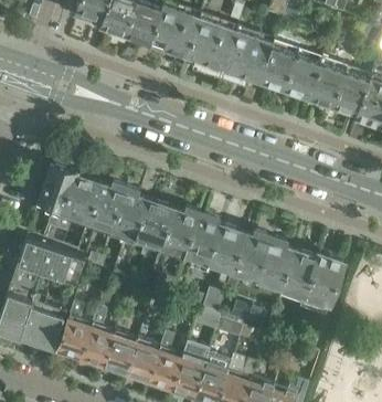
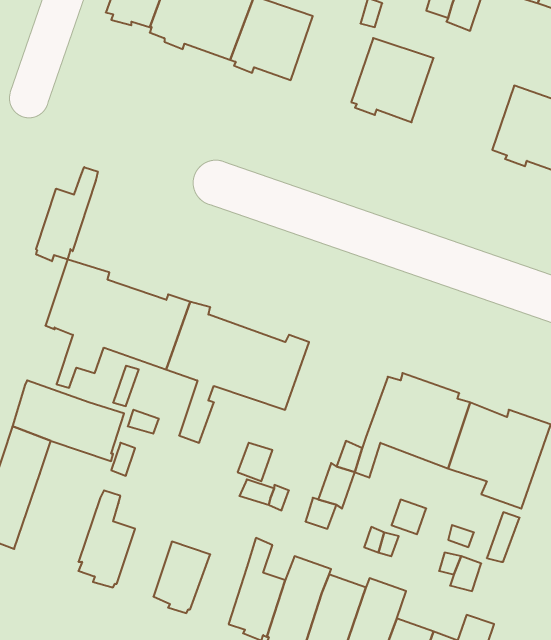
building: [187,15,236,67] -> none
building: [259,41,321,96] -> none
building: none -> [36,167,98,261]
building: [183,212,245,269] -> none
building: [20,292,67,349] -> none
building: [82,293,115,368] -> none
building: [126,340,160,384] -> none

